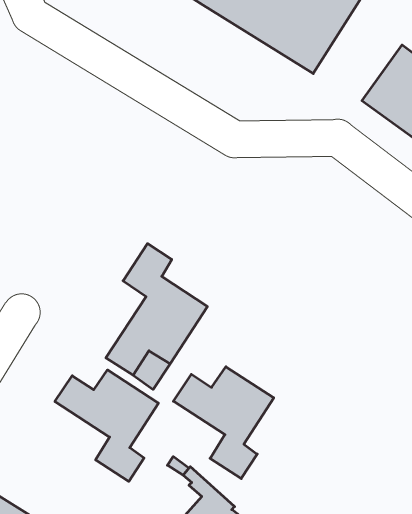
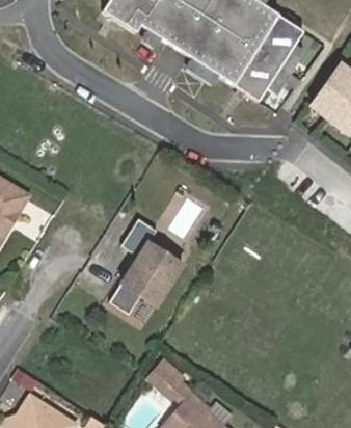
building: [173,367,274,479] -> none
building: [55,370,158,481] -> none

